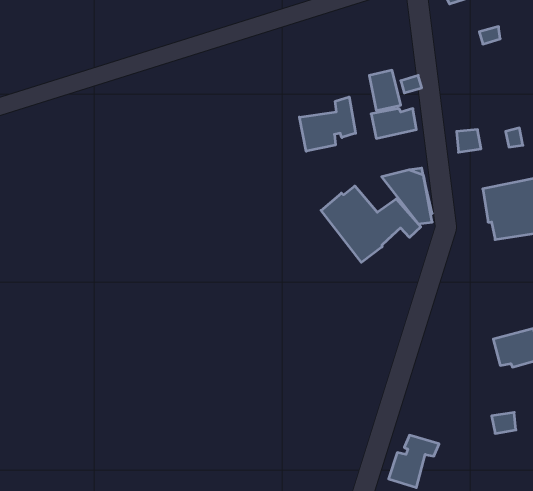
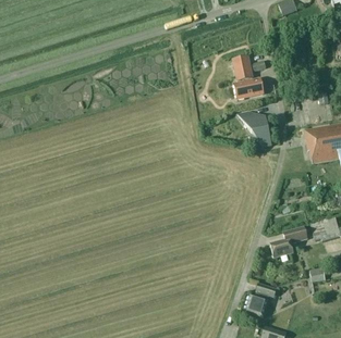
building: [299,97,356,151] -> none
building: [321,186,421,262] -> none
building: none -> [270,225,308,255]

